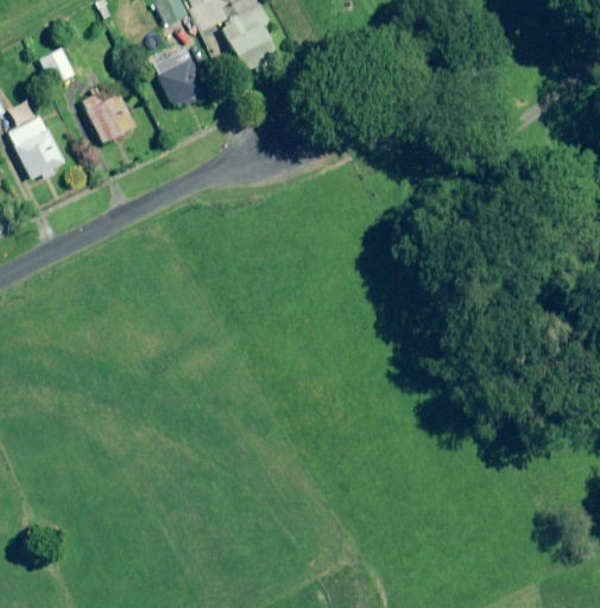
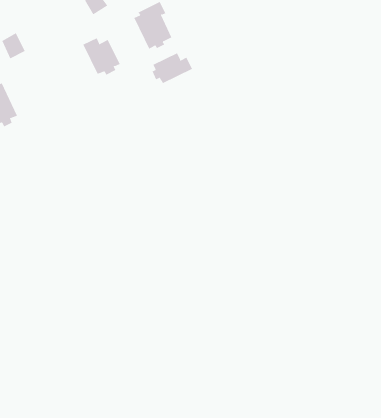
building: none -> [152,52,193,84]
building: [81,87,133,142] -> none

